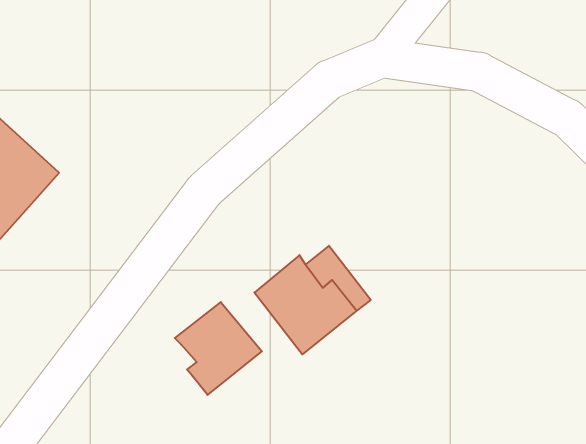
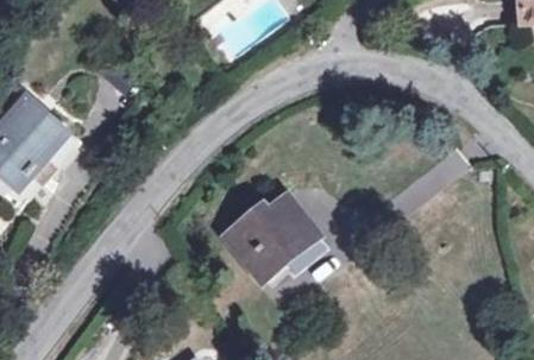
building: [175,302,262,395] -> none

